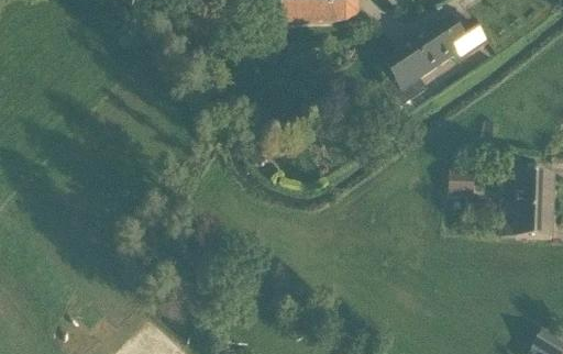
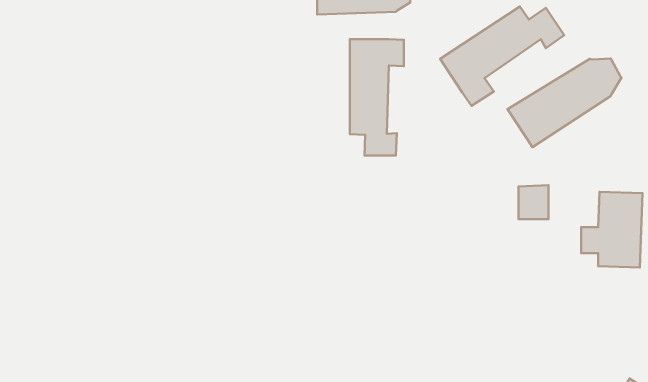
building: none -> [350,39,404,156]
building: none -> [507,58,621,147]

